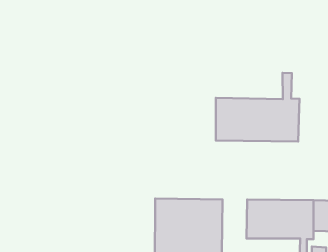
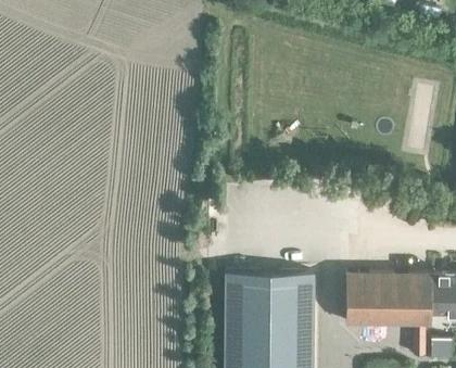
building: [216,73,299,142] -> none

